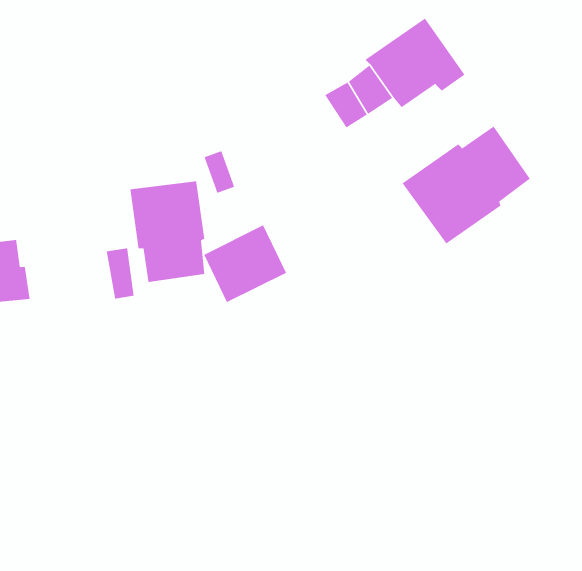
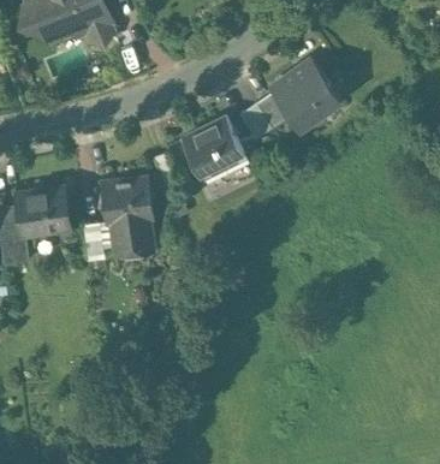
building: [402,126,531,245] -> none
building: none -> [16,188,70,237]
building: [203,224,287,303] -> [183,118,243,174]

